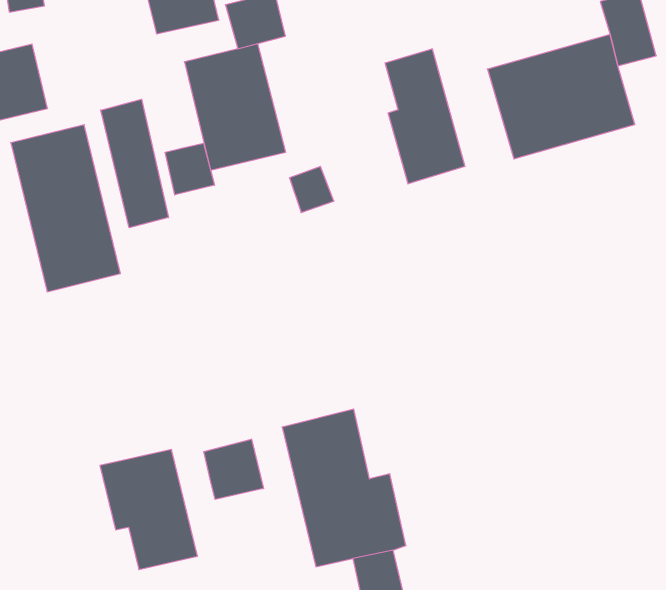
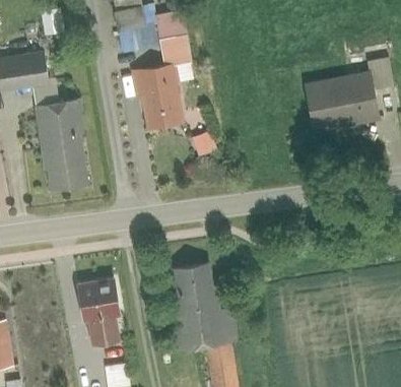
building: [385,49,465,184] -> none
building: [101,99,168,228] -> none
building: [165,143,214,195] -> none
building: [204,439,264,499] -> none

